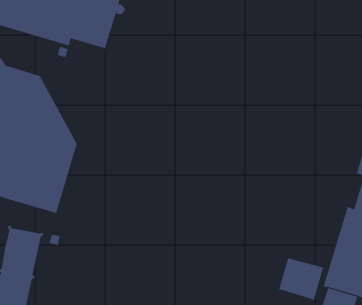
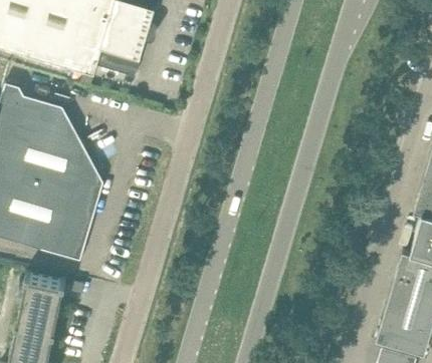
building: [279,257,324,300] -> none

